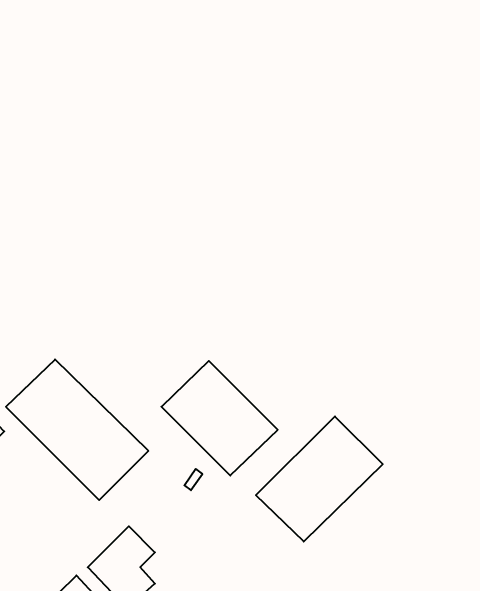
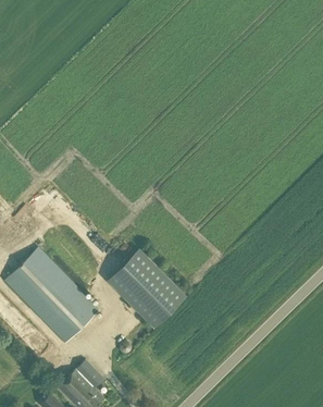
building: [256,416,383,542] -> none

